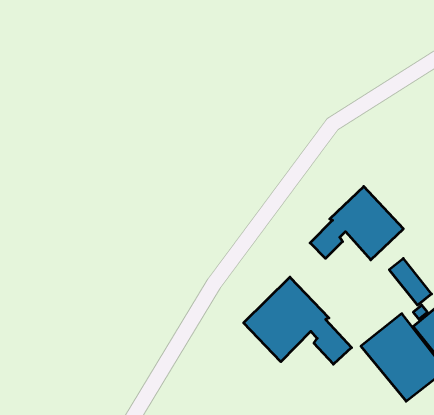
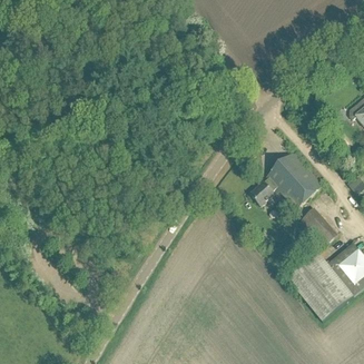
building: [244,277,352,364] -> none

